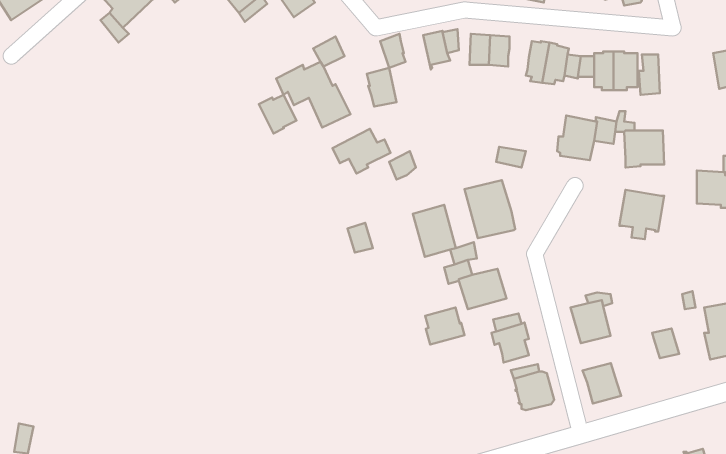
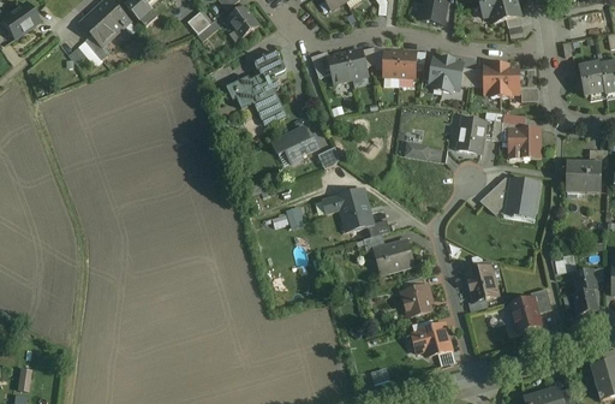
building: [367,68,396,107] -> [328,52,352,83]
building: [259,95,296,133] -> none
building: [464,180,515,238] -> none
building: none -> [479,177,509,214]
building: [425,308,464,345] -> none
building: [583,363,621,403] -> [509,297,541,329]

